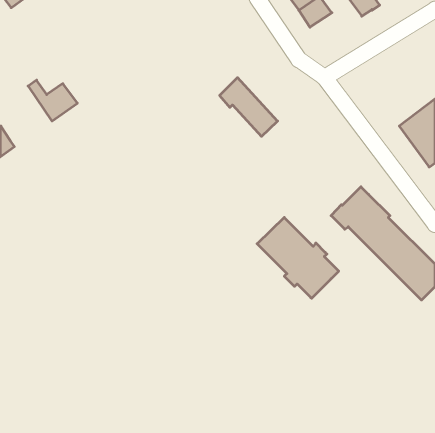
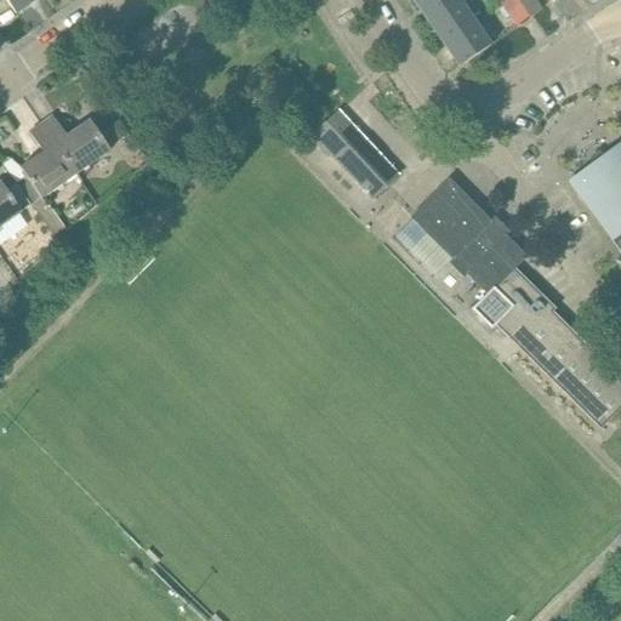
building: none -> [441,18,490,63]
building: none -> [17,123,74,235]
building: [257,217,339,298] -> [410,177,526,292]

